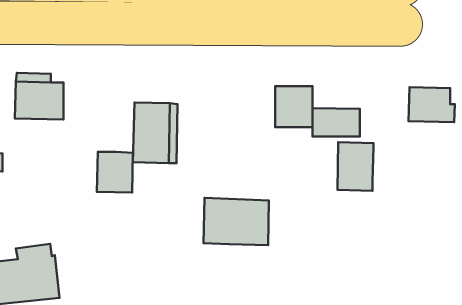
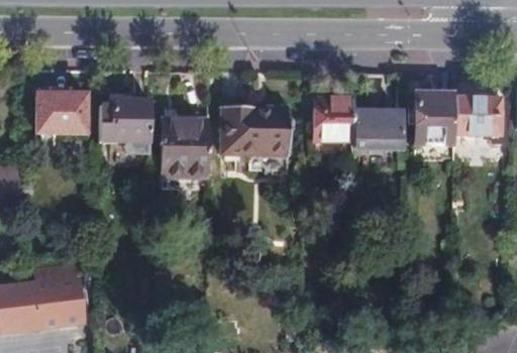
building: [337,142,373,191] -> [416,93,454,144]
building: [97,152,133,193] -> [112,99,150,142]
building: [203,198,269,245] -> [220,105,290,155]

